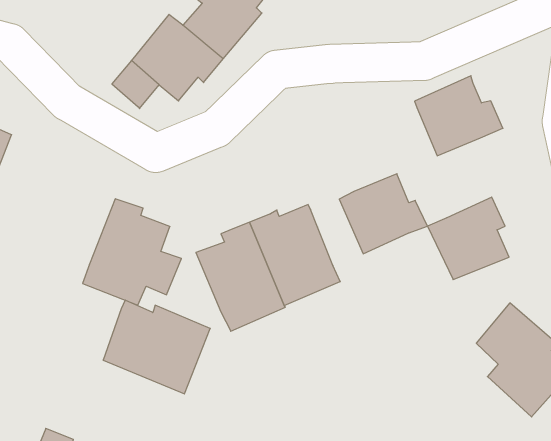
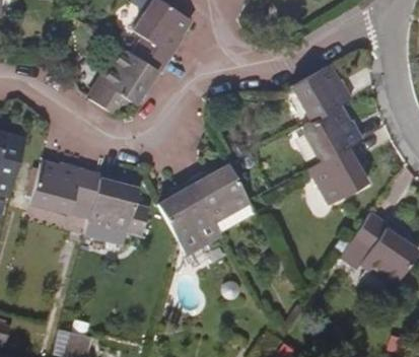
building: [339,174,427,254] -> [301,105,362,161]
building: [103,300,210,394] -> [30,162,99,220]

